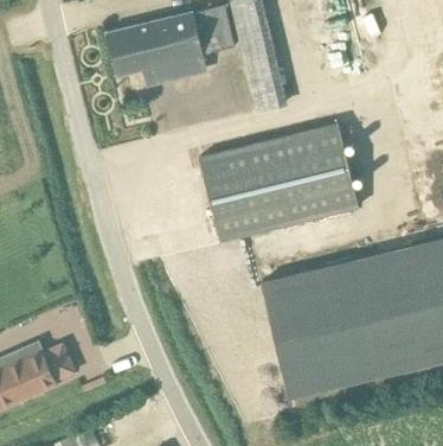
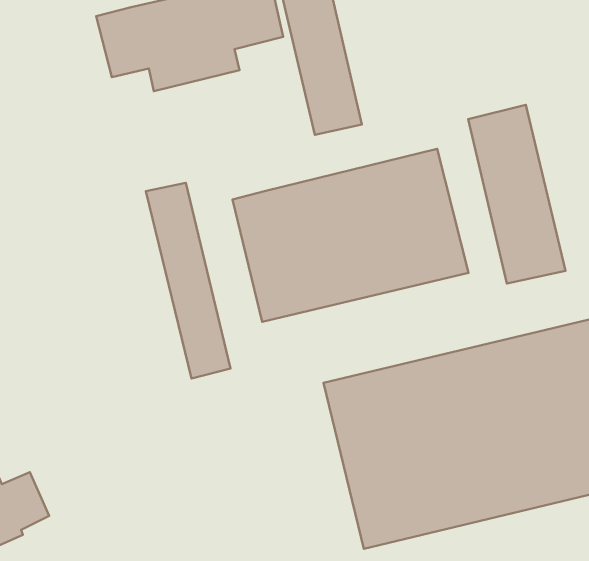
building: none -> [468,105,565,284]
building: none -> [146,183,230,378]

